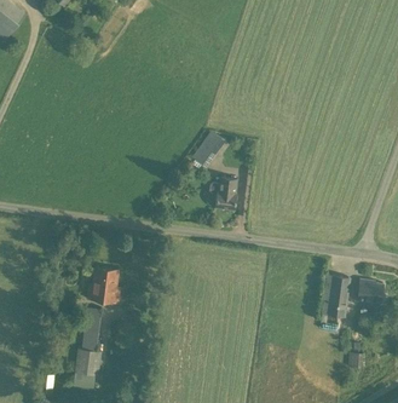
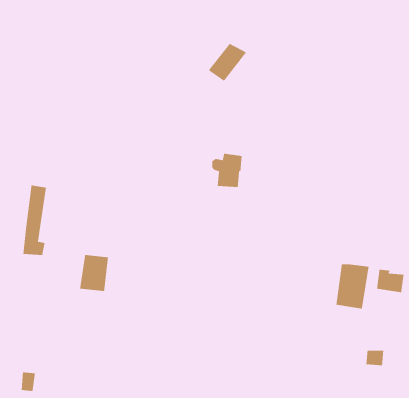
building: [191,132,226,167] -> [208,43,247,82]
building: [79,309,100,373] -> [23,184,47,256]

